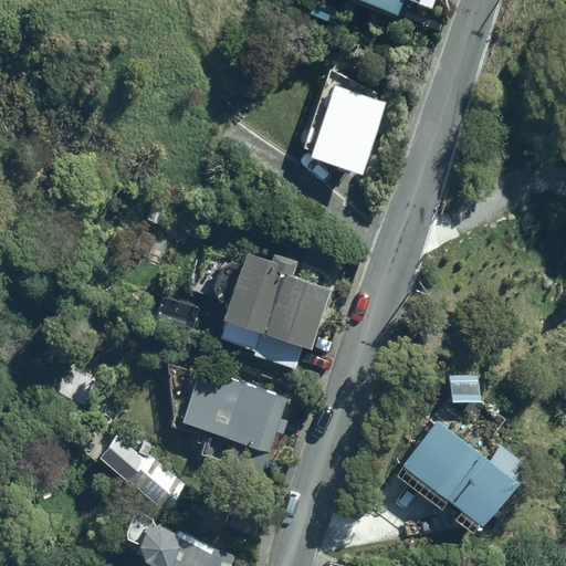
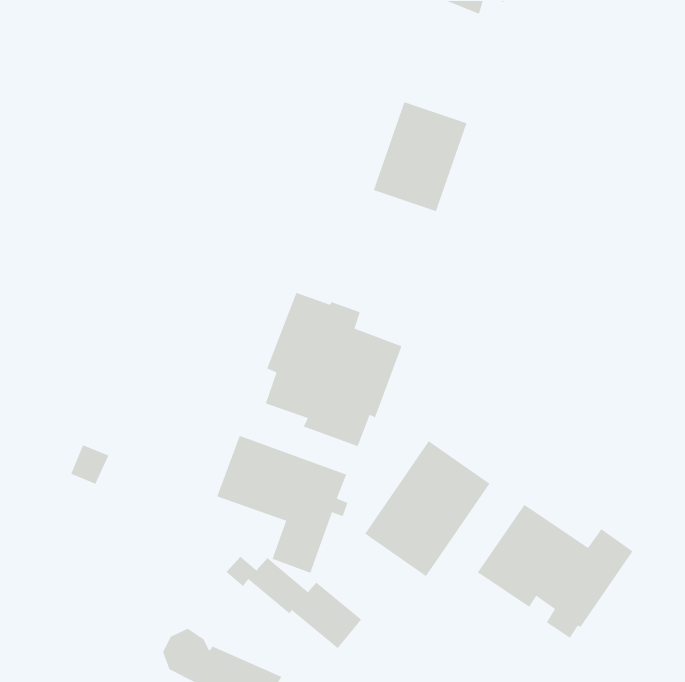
building: none -> [364,440,490,577]
building: [75,436,187,512] -> [226,556,362,649]

